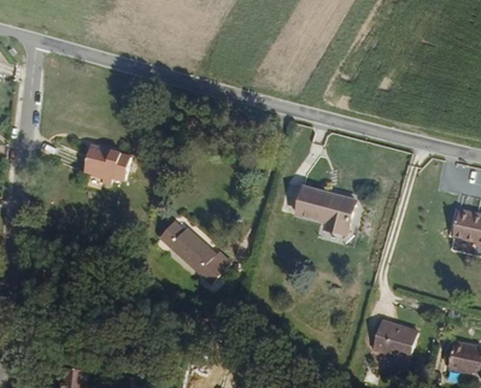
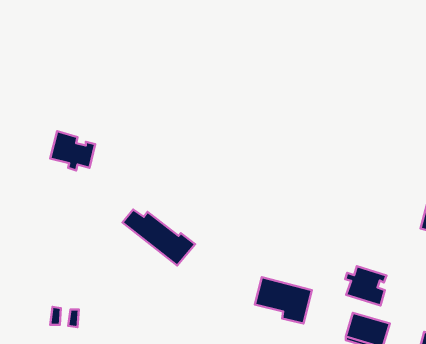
building: [295,182,353,229] -> [255,277,312,323]
building: none -> [345,266,386,305]

